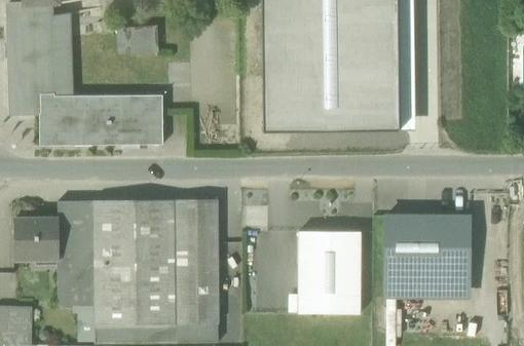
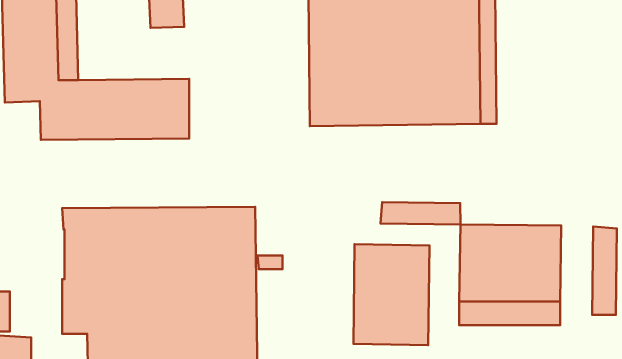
building: none -> [380,202,460,224]
building: none -> [592,227,617,315]
building: [14,218,60,259] -> none

